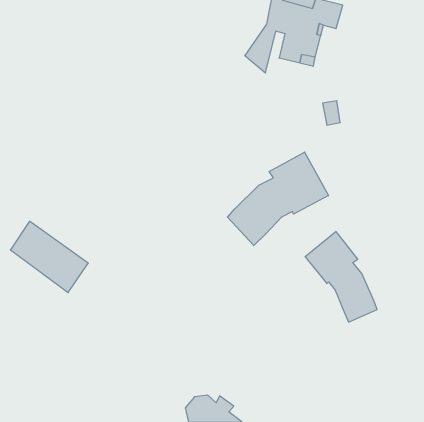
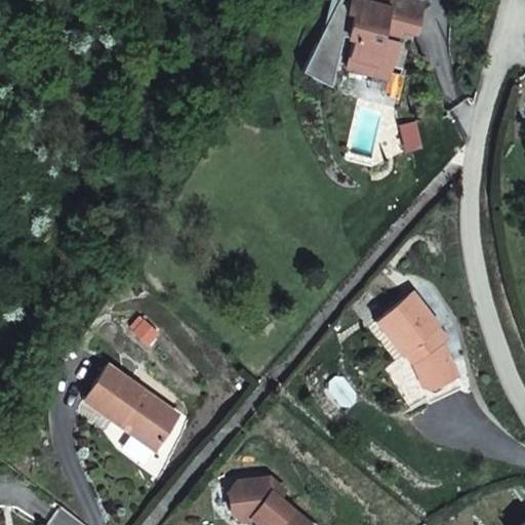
building: [227,152,329,246] -> none
building: [10,221,88,293] -> [81,366,176,453]

